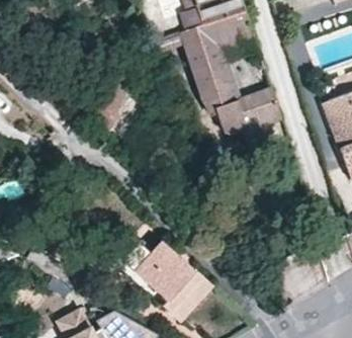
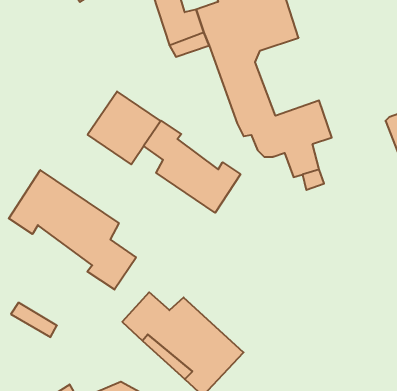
building: none -> [144,121,240,213]
building: none -> [9,170,136,290]

